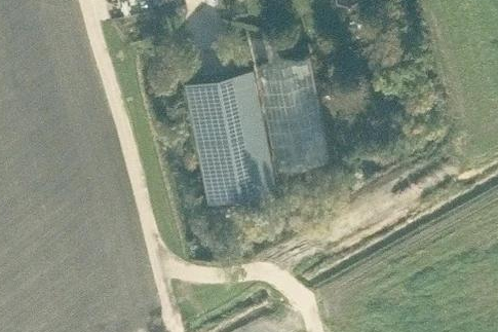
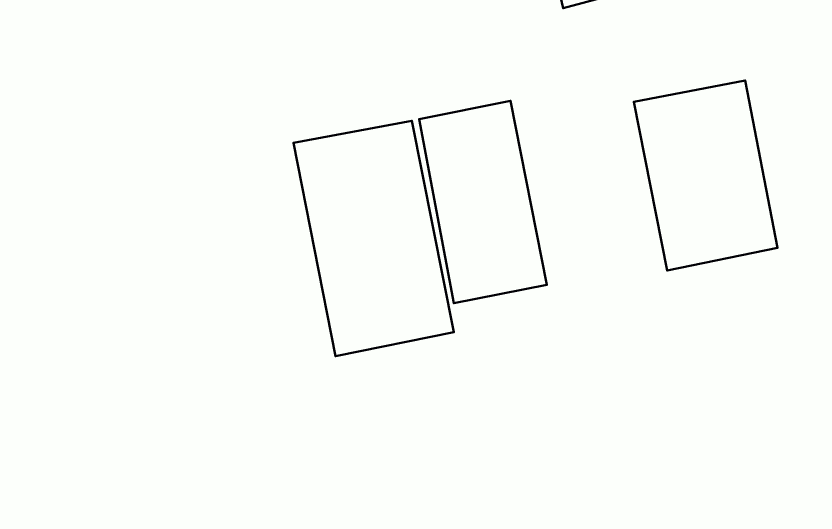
building: none -> [634,80,778,271]

